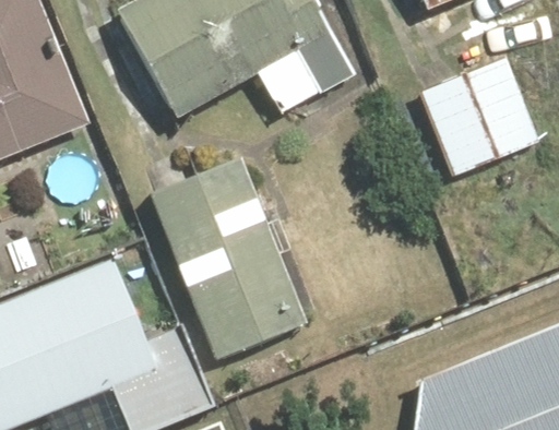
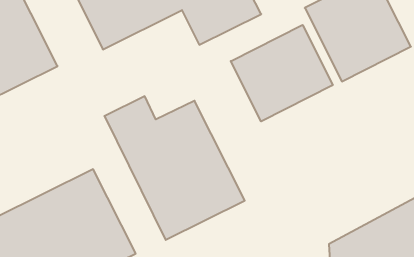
building: none -> [231,25,333,121]

